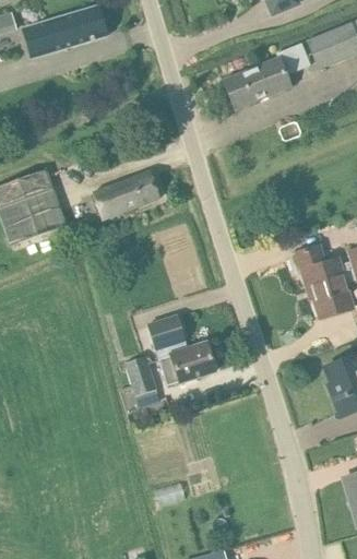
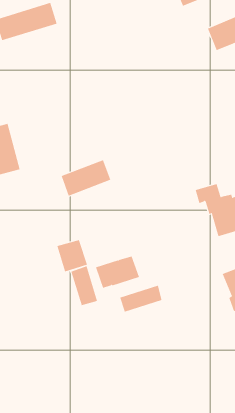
building: [224,43,311,108] -> none
building: [94,170,160,219] -> [61,159,111,196]
building: [147,313,189,357] -> [56,239,88,272]
building: none -> [119,285,162,313]

